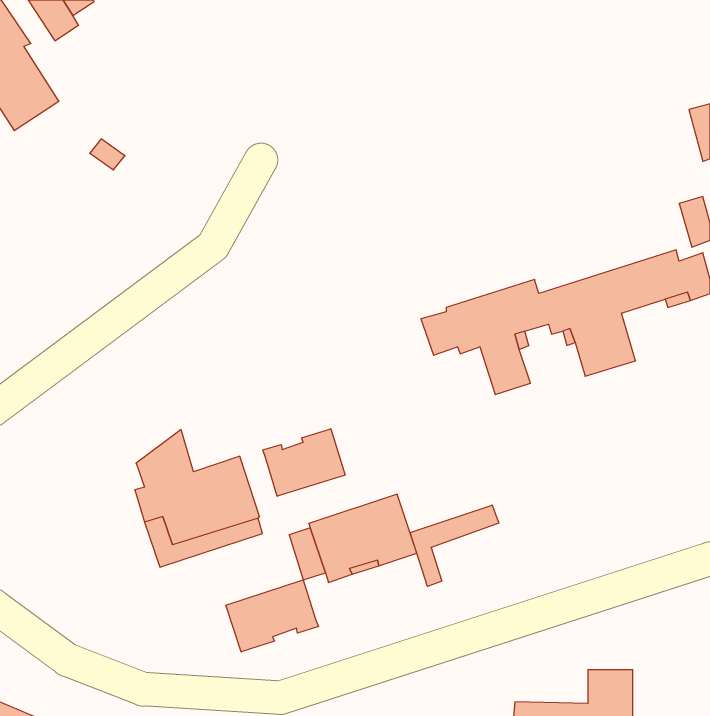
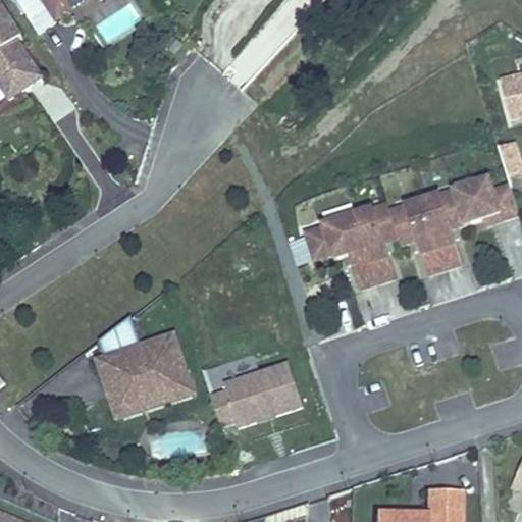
building: [263,429,345,496] -> none
building: [410,505,499,586] -> none
building: [226,580,318,652] -> none

